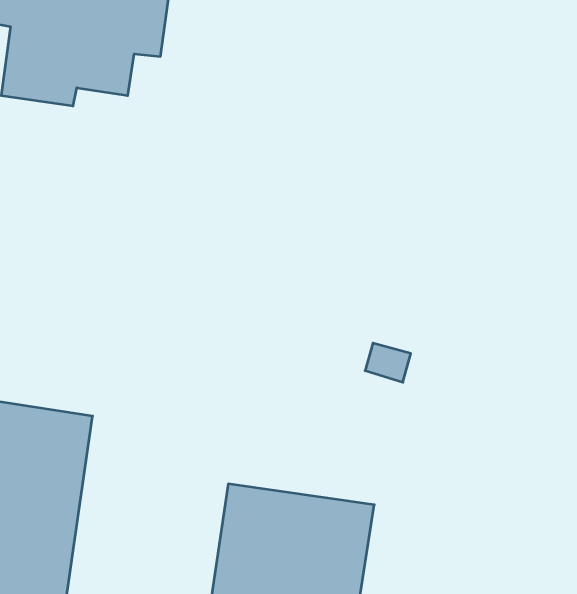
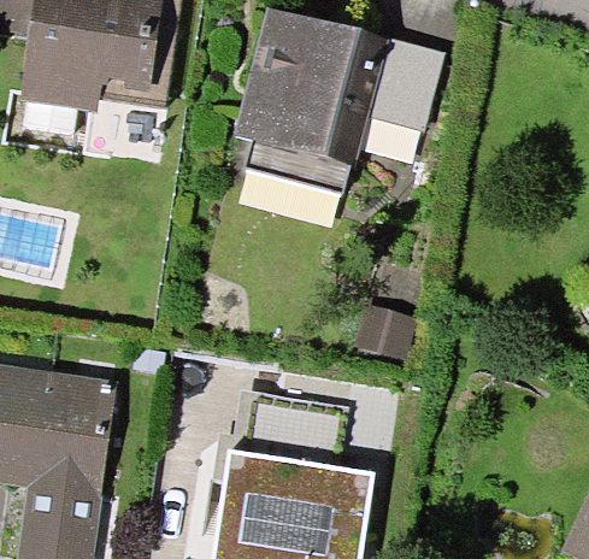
building: none -> [232,18,438,198]

